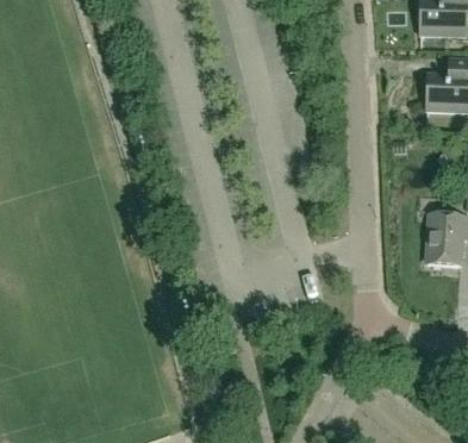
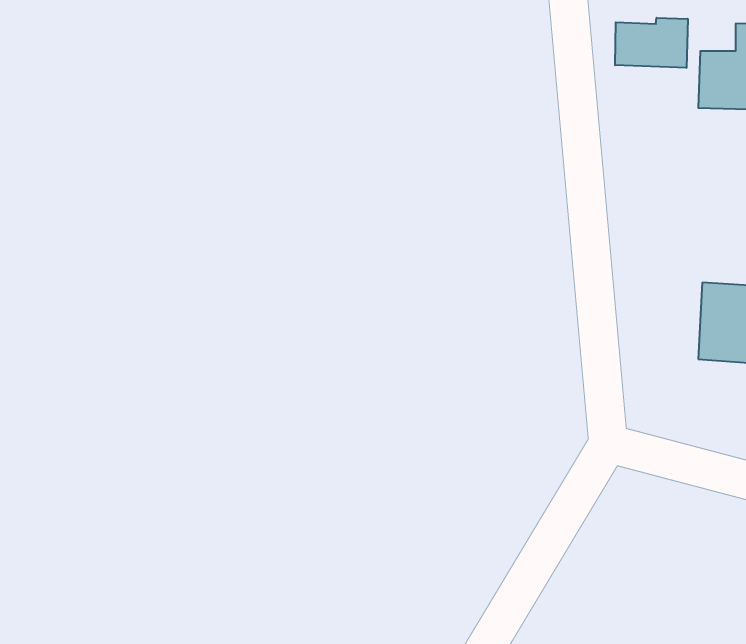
building: none -> [615,18,688,68]

